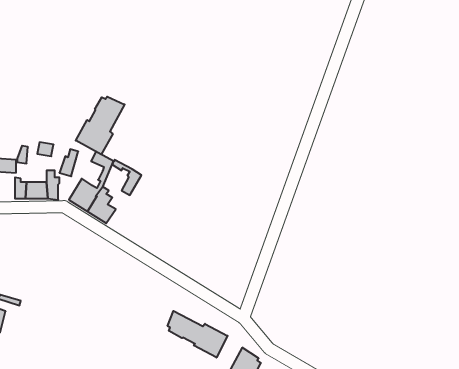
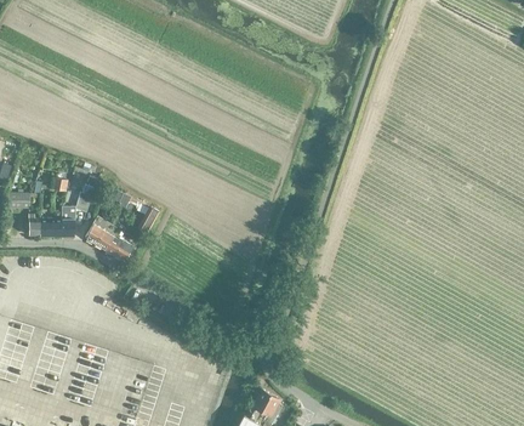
building: [76,97,125,154] -> none
building: [168,311,228,358] -> none

